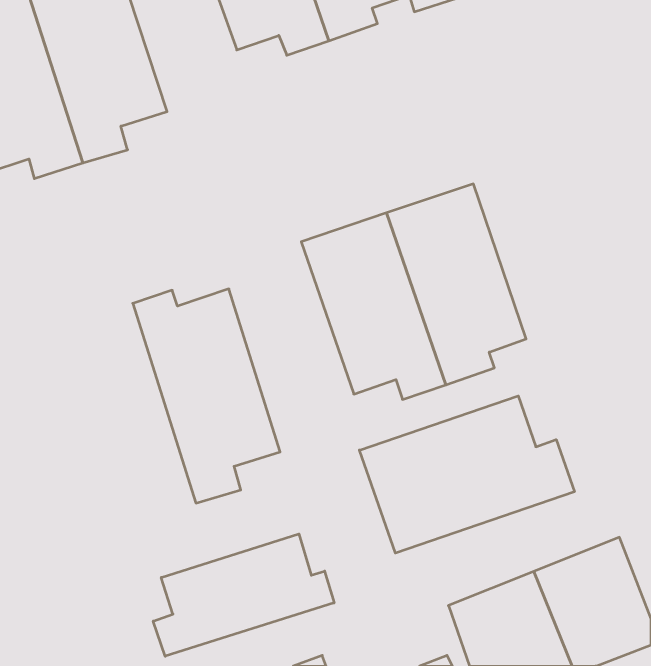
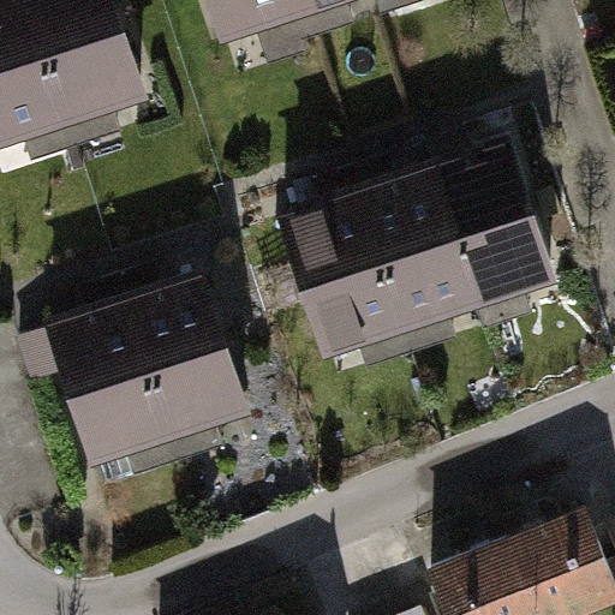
building: none -> [432,142,559,326]
building: none -> [41,277,179,474]
building: [359,396,574,553] -> none
building: [153,534,334,656] -> none

